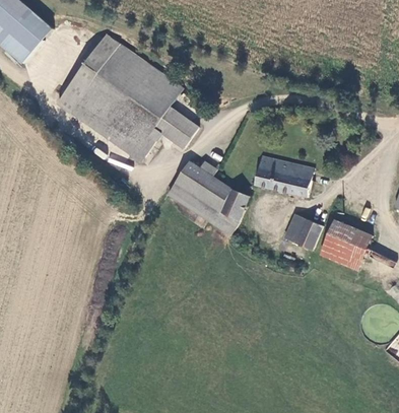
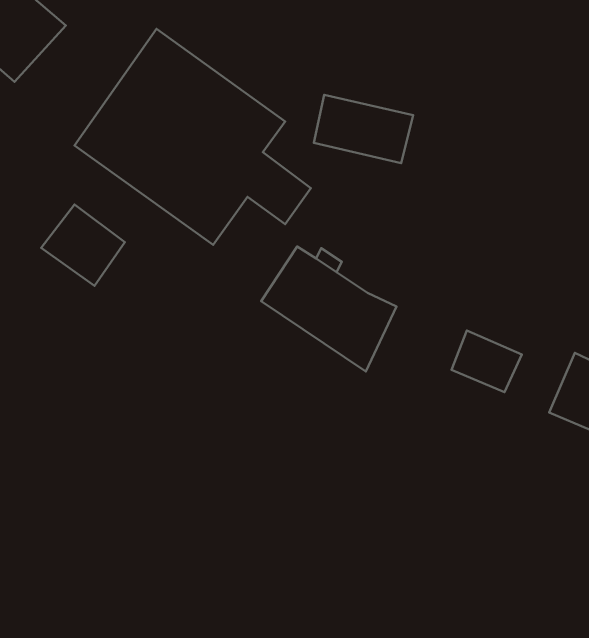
building: none -> [41,205,125,286]
building: [253,155,312,196] -> [314,95,413,163]
building: [326,219,354,260] -> none

